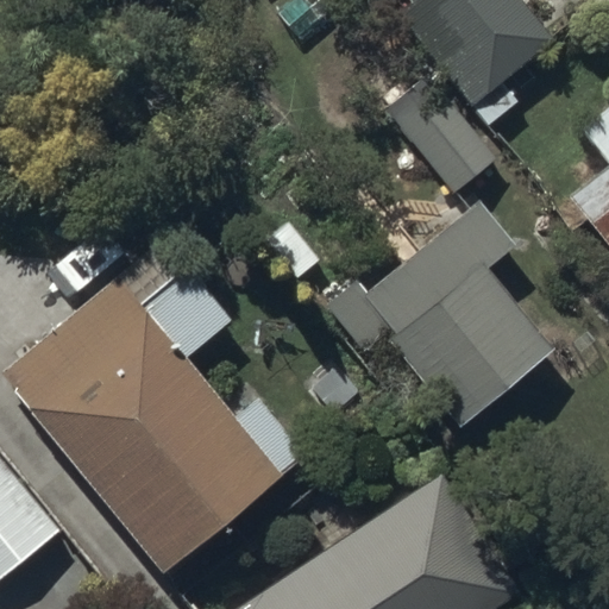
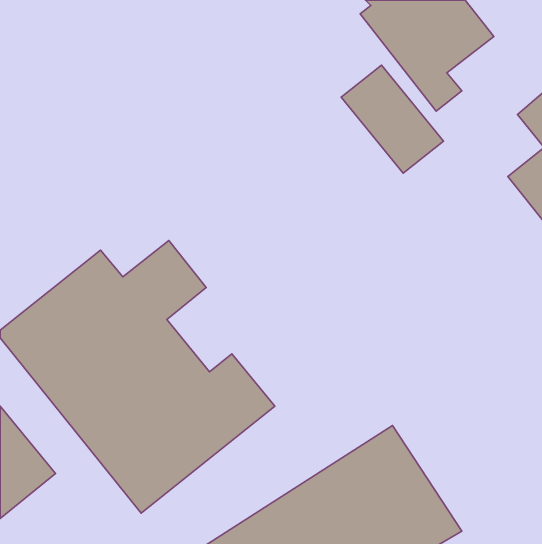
building: [326,201,553,427] -> none

